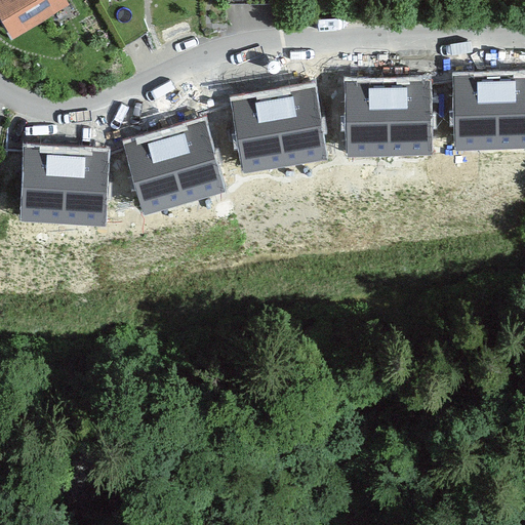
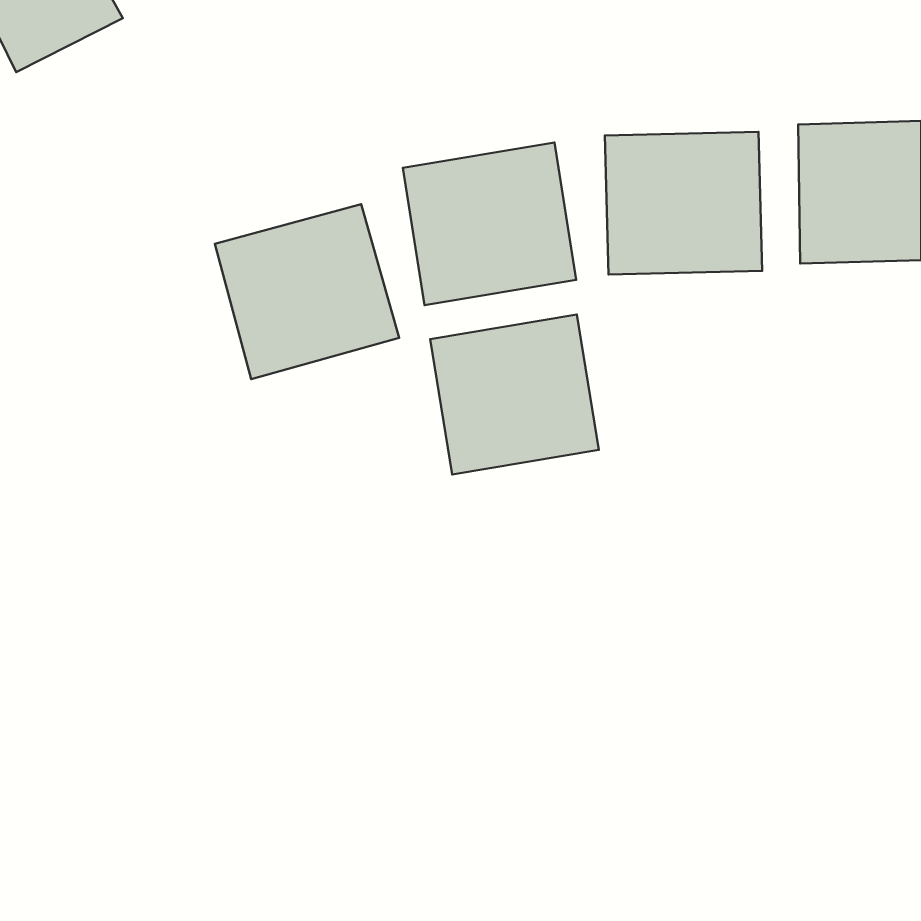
building: [18,143,108,226] -> none
building: none -> [430,315,599,474]

